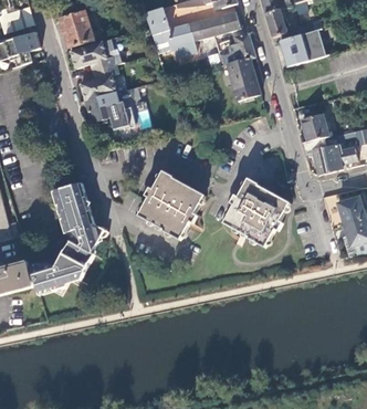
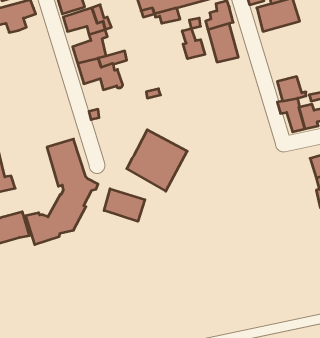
building: none -> [182,28,205,59]
building: [223,180,290,245] -> none
building: none -> [104,189,145,221]

